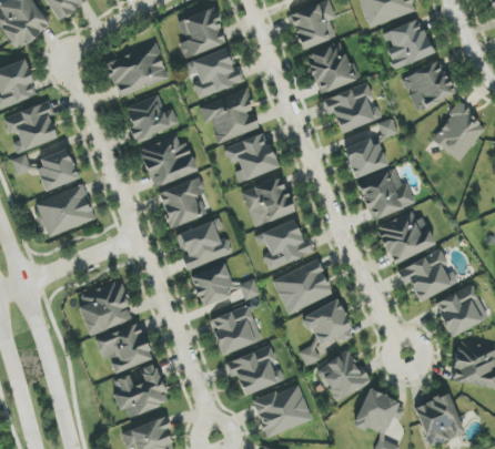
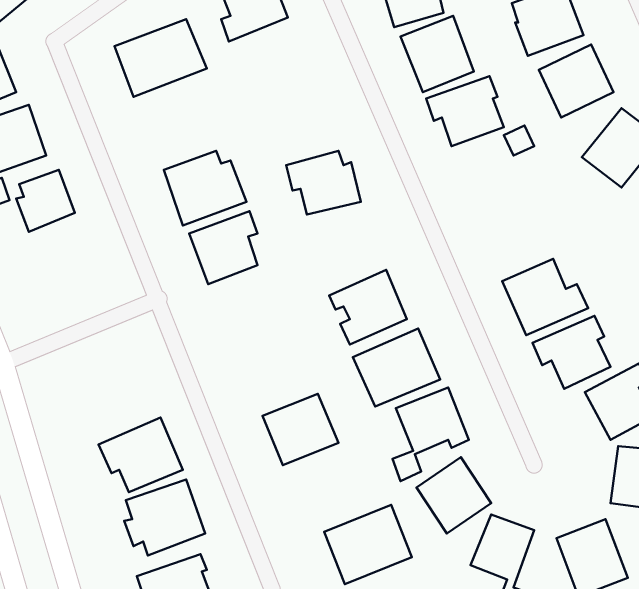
building: [185,48,243,99] -> none
building: [199,89,260,143] -> none
building: [124,95,179,141] -> none
building: [343,136,386,178] -> none
building: [357,169,415,221] -> none
building: [241,177,295,226] -> none
building: [36,184,95,236] -> none
building: [176,221,233,271] -> none
building: [190,264,261,307] -> none
building: [78,280,133,336] -> none
building: [226,345,284,396] -> none

